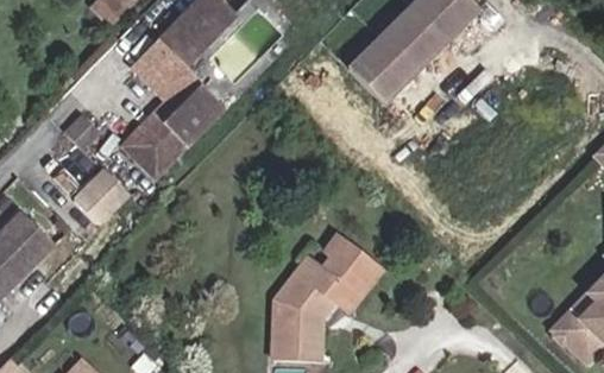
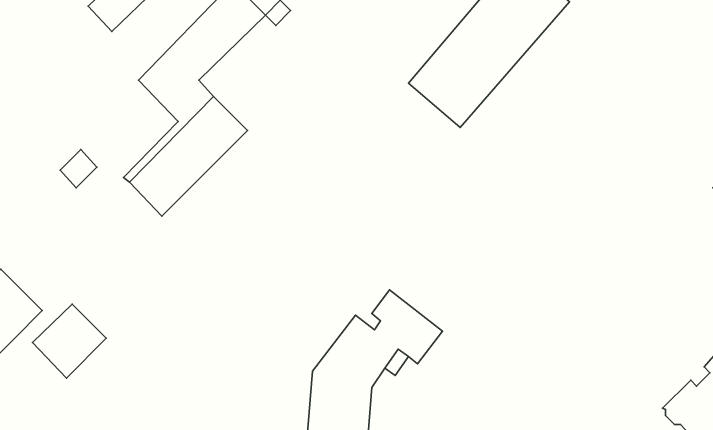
building: [74,165,133,225] -> [32,304,106,378]

